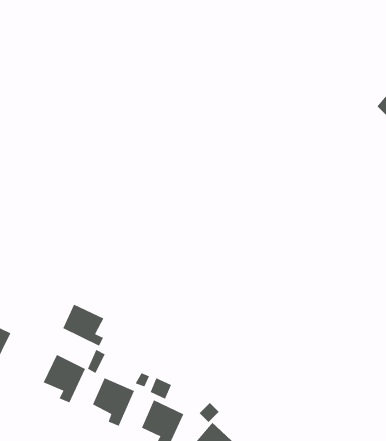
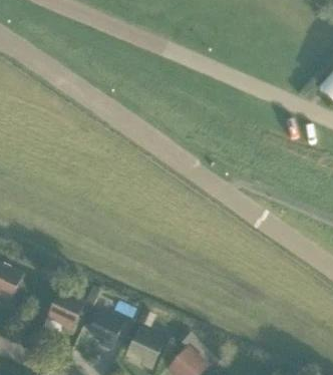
building: [63,304,104,346] -> none

